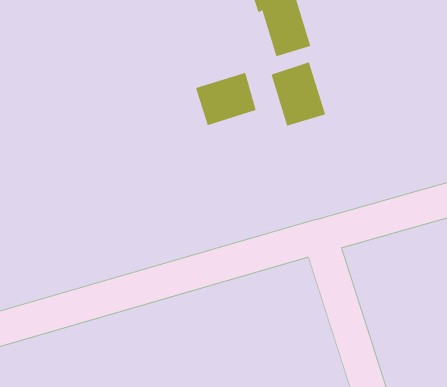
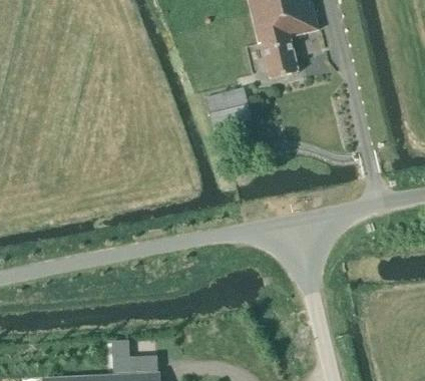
building: [271,61,326,127] -> none

